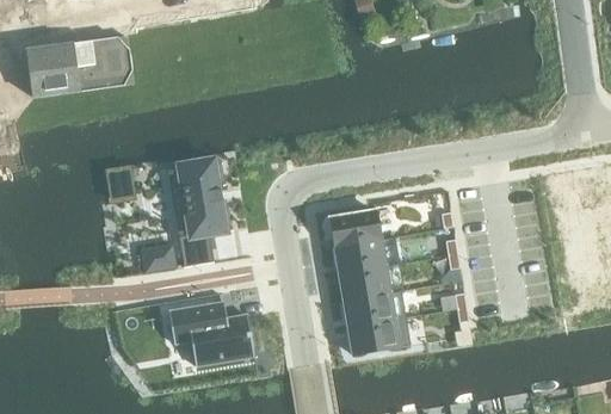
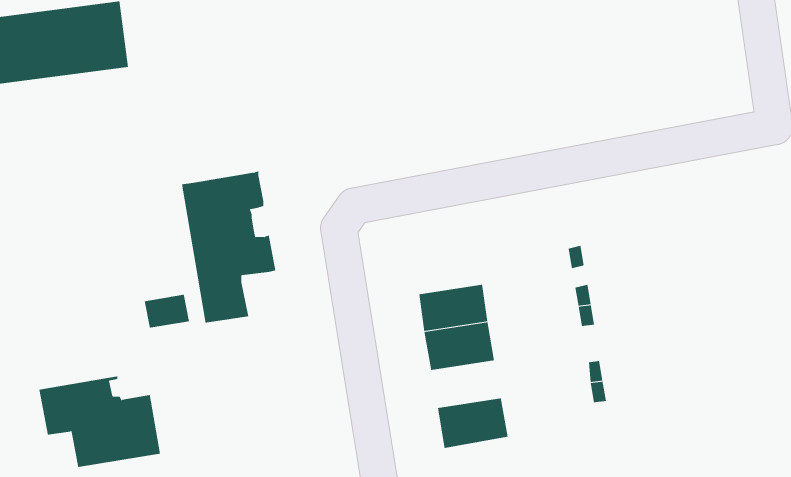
building: [331,209,381,245] -> none
building: [344,291,394,325] -> none
building: [168,299,254,364] -> [39,376,161,467]

